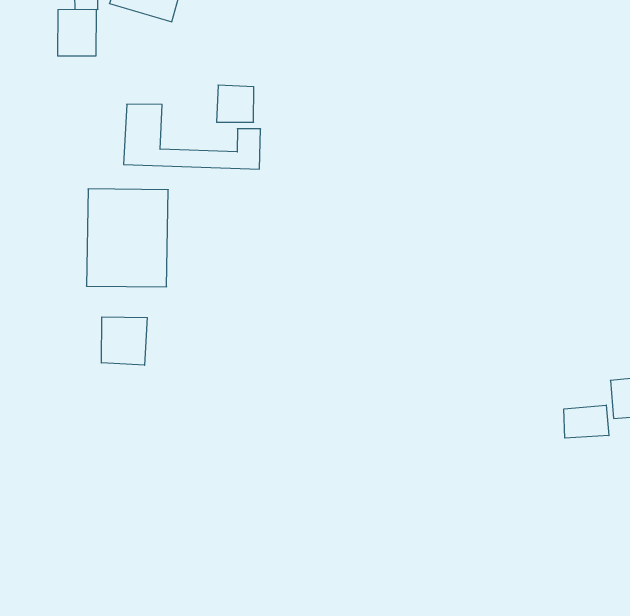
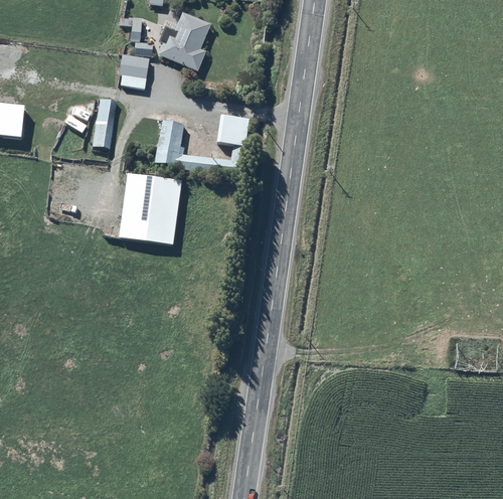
building: none -> [93,99,116,147]
building: [101,317,147,365] -> none
building: [564,405,609,438] -> none

